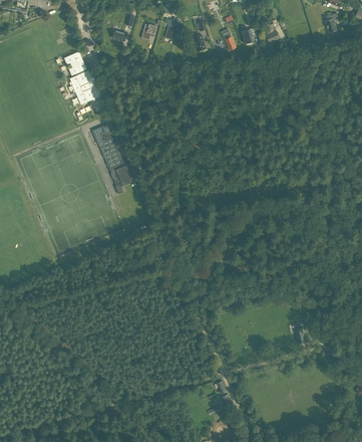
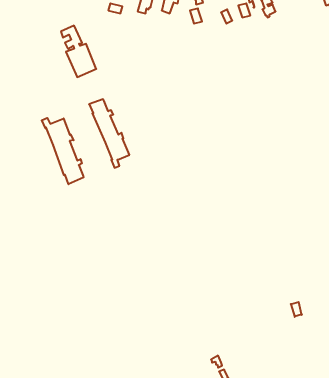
building: none -> [42,118,84,184]

